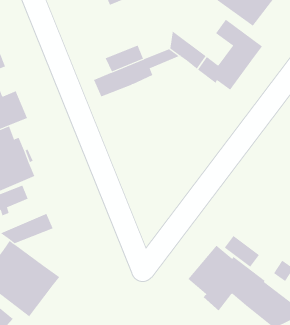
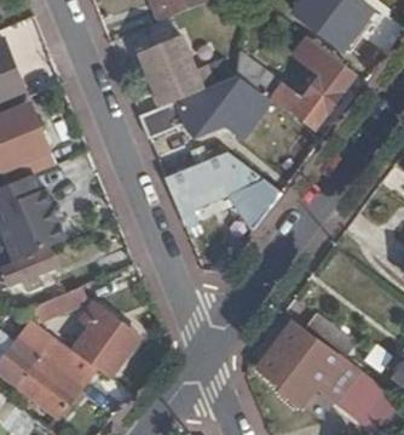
building: none -> [139,34,196,87]
building: none -> [189,85,261,136]
building: none -> [166,151,282,230]
building: none -> [76,302,139,376]

